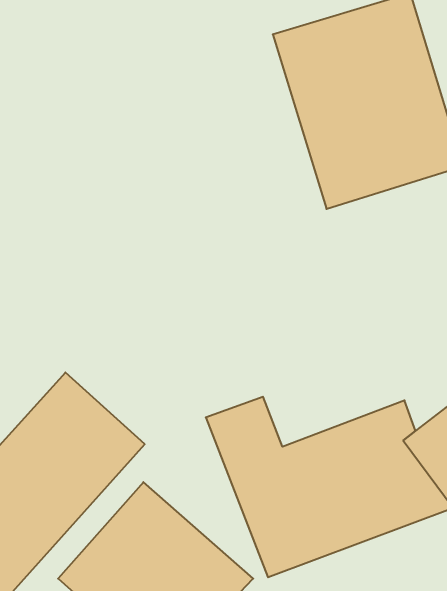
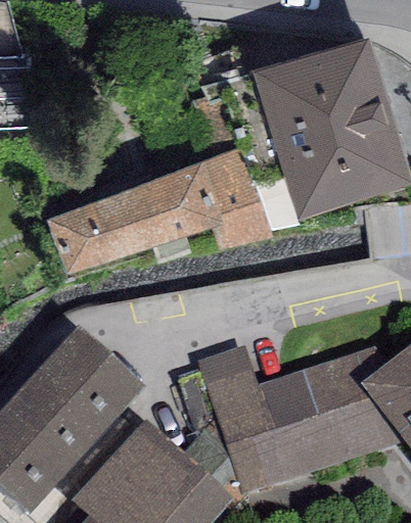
building: none -> [44,146,270,265]

